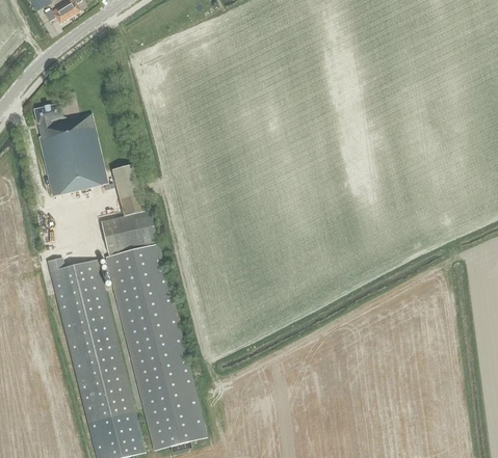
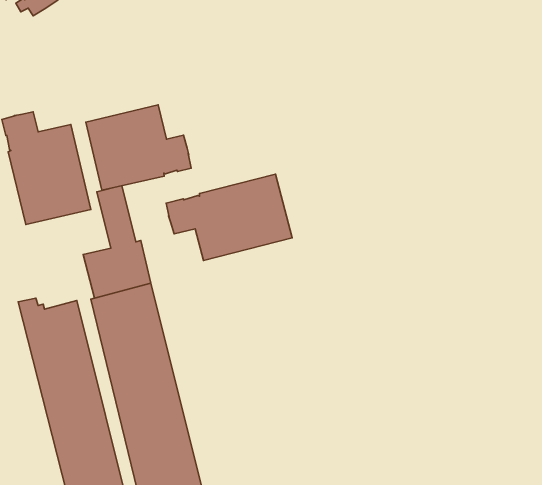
building: none -> [86,105,191,190]
building: none -> [166,174,292,261]

